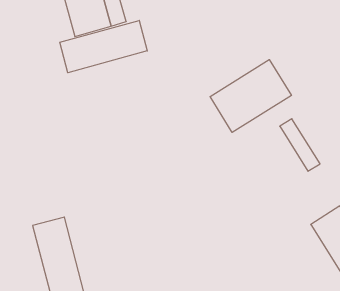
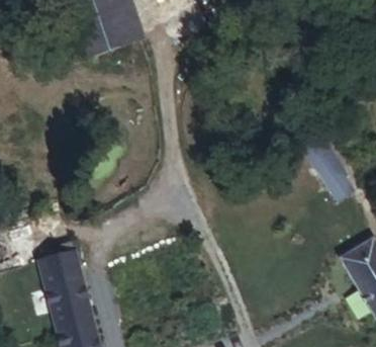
building: [60,20,147,73] -> none
building: [210,60,291,132] -> none

